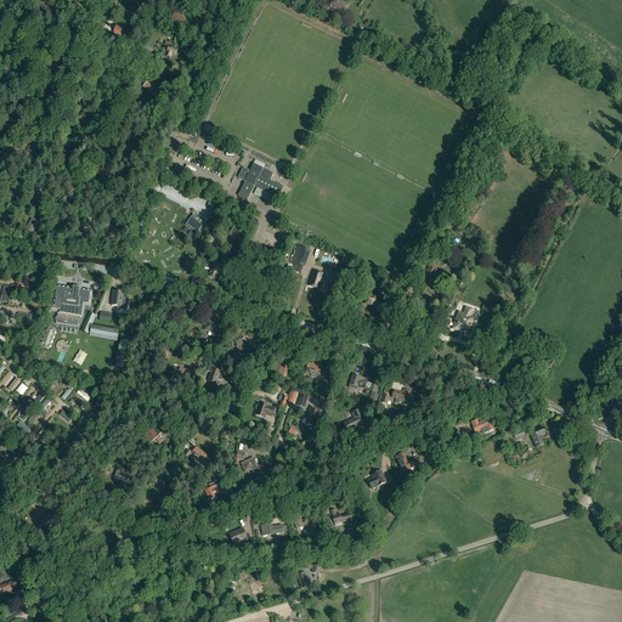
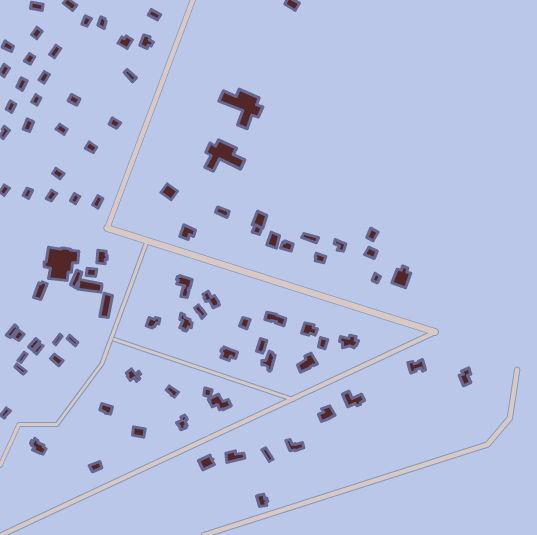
building: none -> [219,89,263,129]

